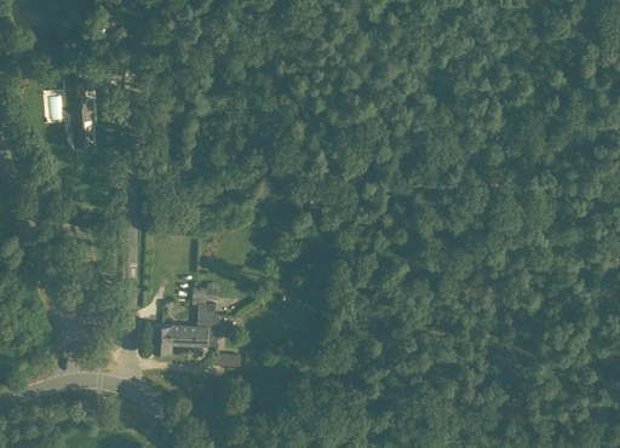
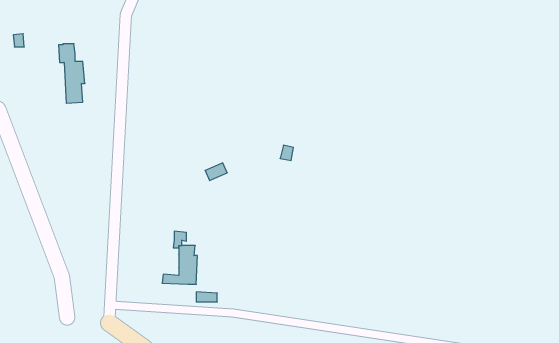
building: [151,324,199,352] -> none

